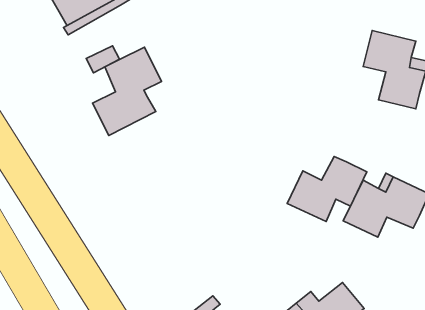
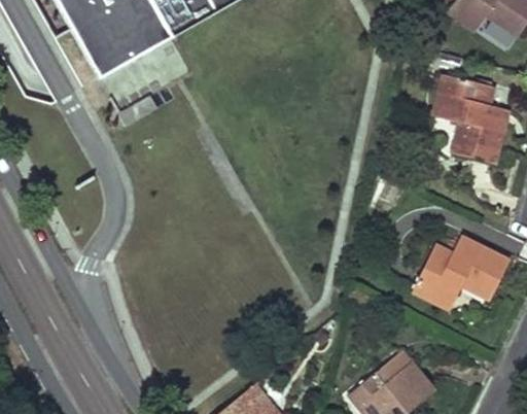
building: [92,47,162,135] -> none
building: [287,156,367,222] -> none

